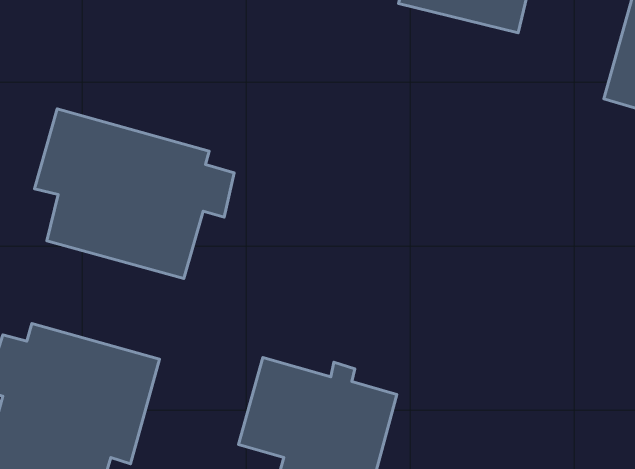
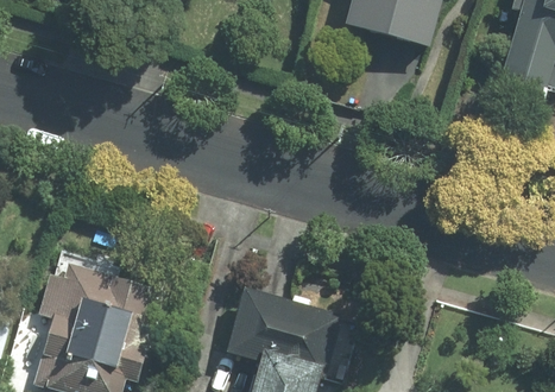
building: [35,109,234,279] -> none

